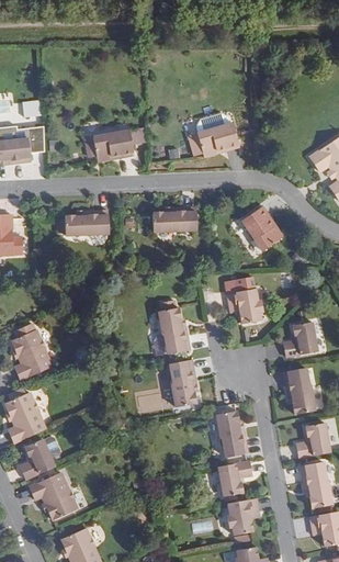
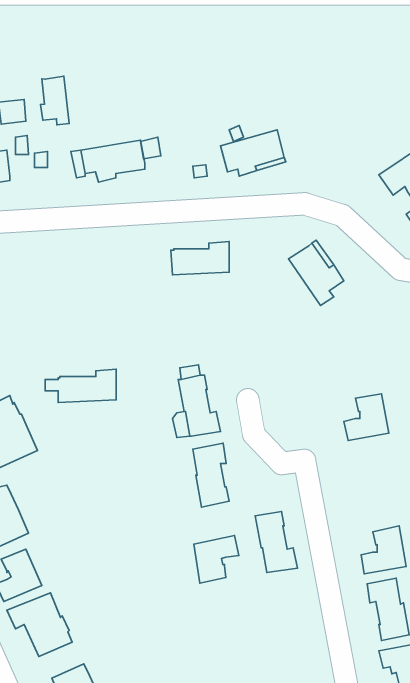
building: none -> [40,76,69,125]
building: [55,211,109,236] -> [45,369,116,403]
building: [227,289,261,325] -> none
building: [284,368,316,415] -> none
building: [218,461,252,497] -> [194,535,239,583]
building: [229,498,261,536] -> none

